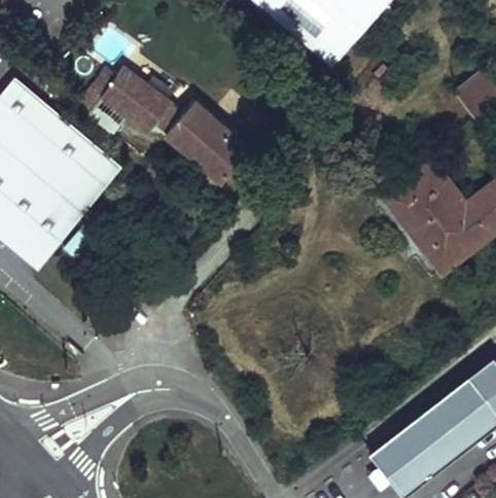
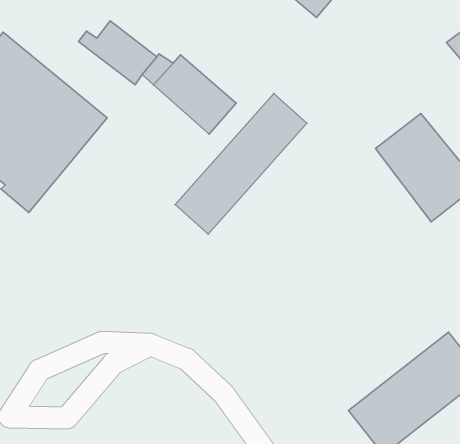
building: none -> [175,94,307,234]

